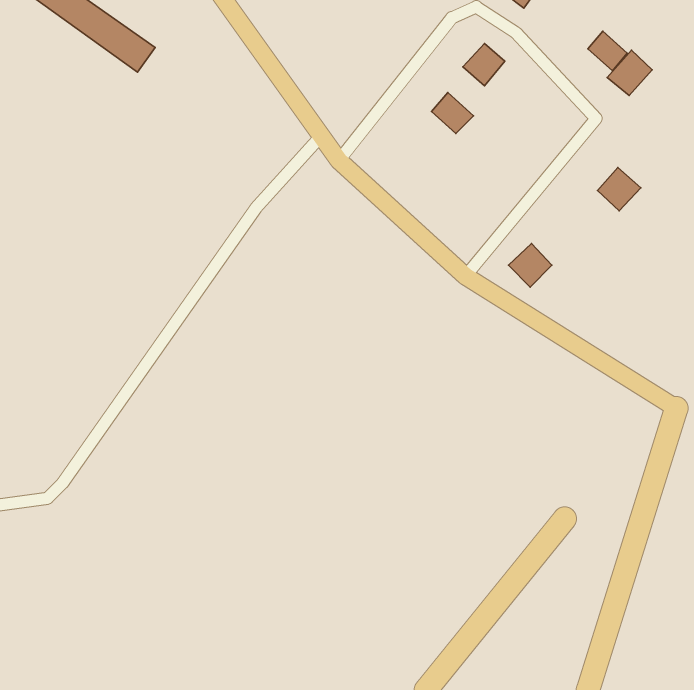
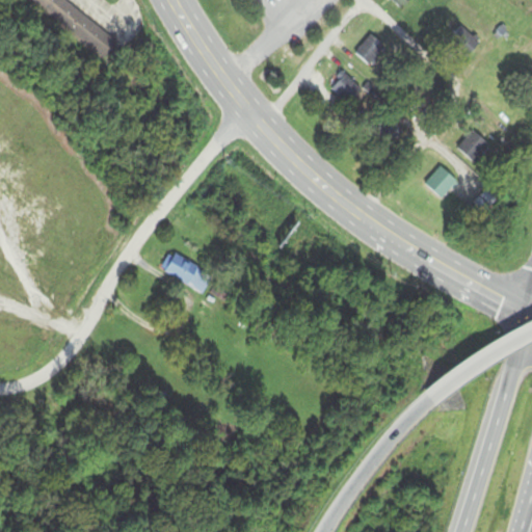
building: [607,50,652,95] -> none
building: [508,244,552,287] -> [423,164,456,197]
building: none -> [160,249,212,292]

